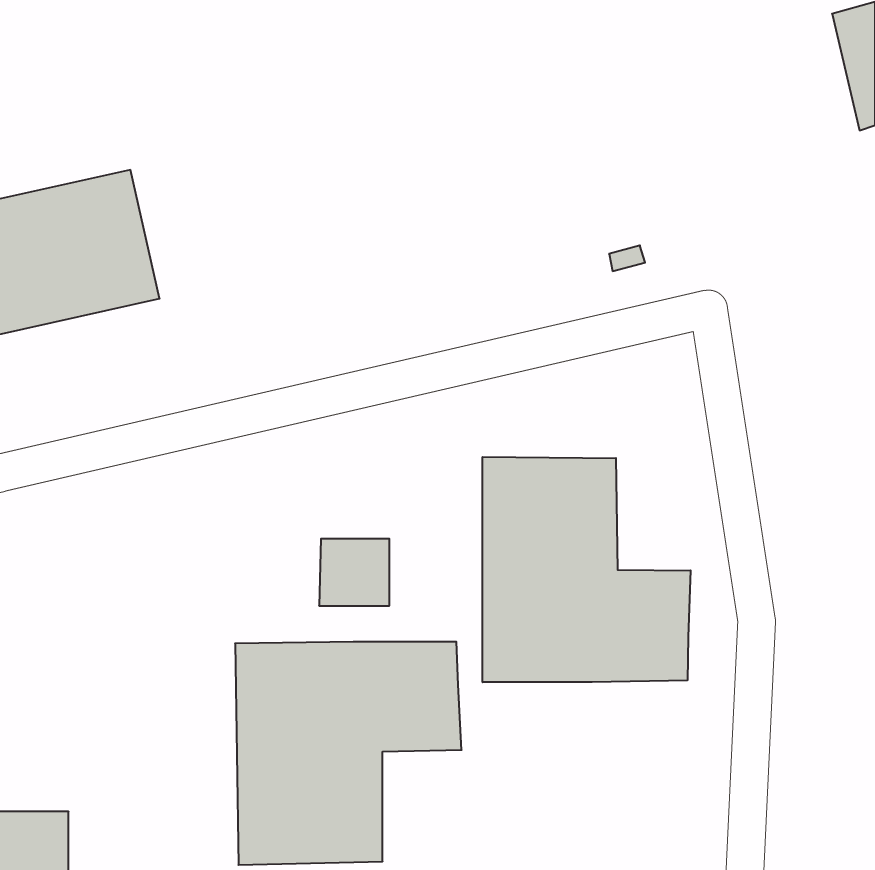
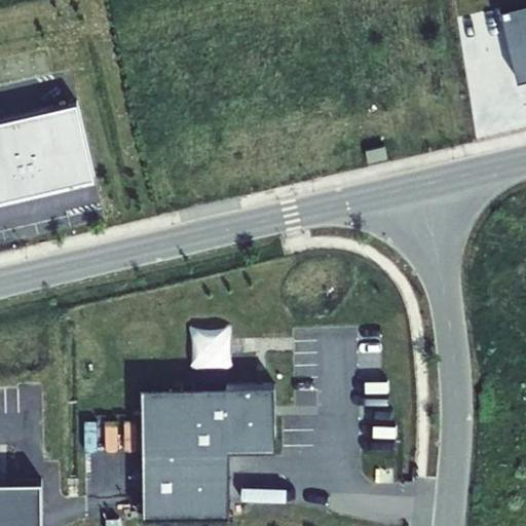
building: [483,457,691,682] -> none

